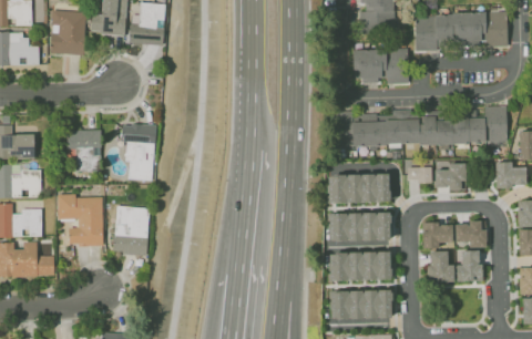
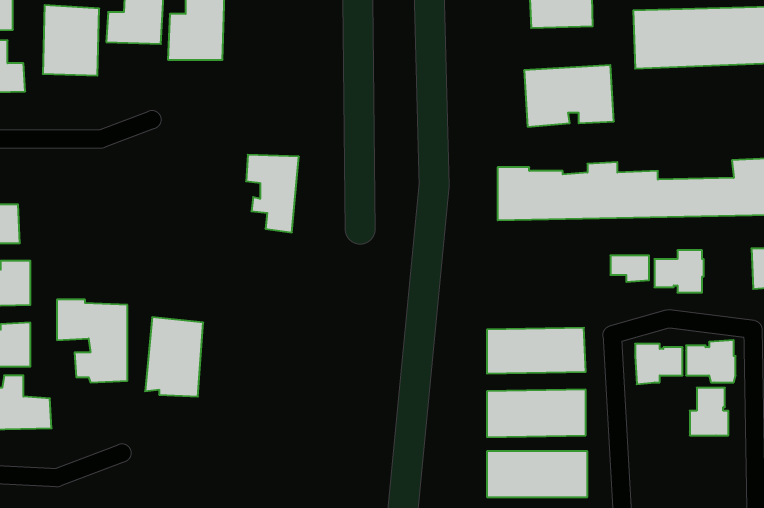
building: [123,125,156,174] -> [246,155,299,232]
building: [69,131,105,172] -> none
building: [328,174,389,204] -> none
building: [427,250,453,282] -> none

